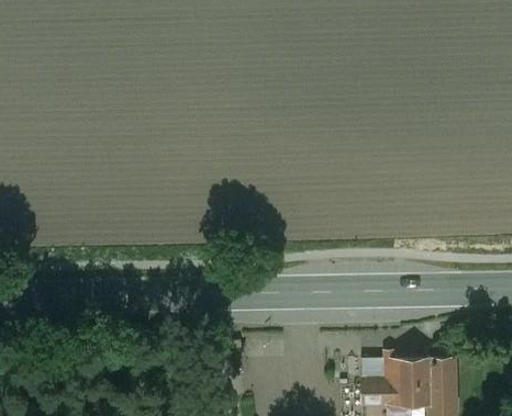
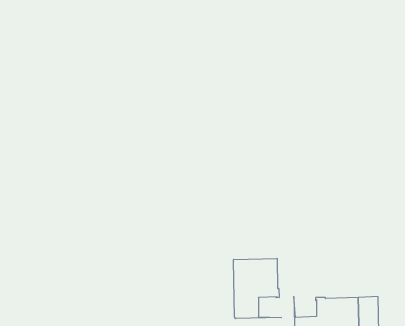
building: none -> [234,258,281,319]

